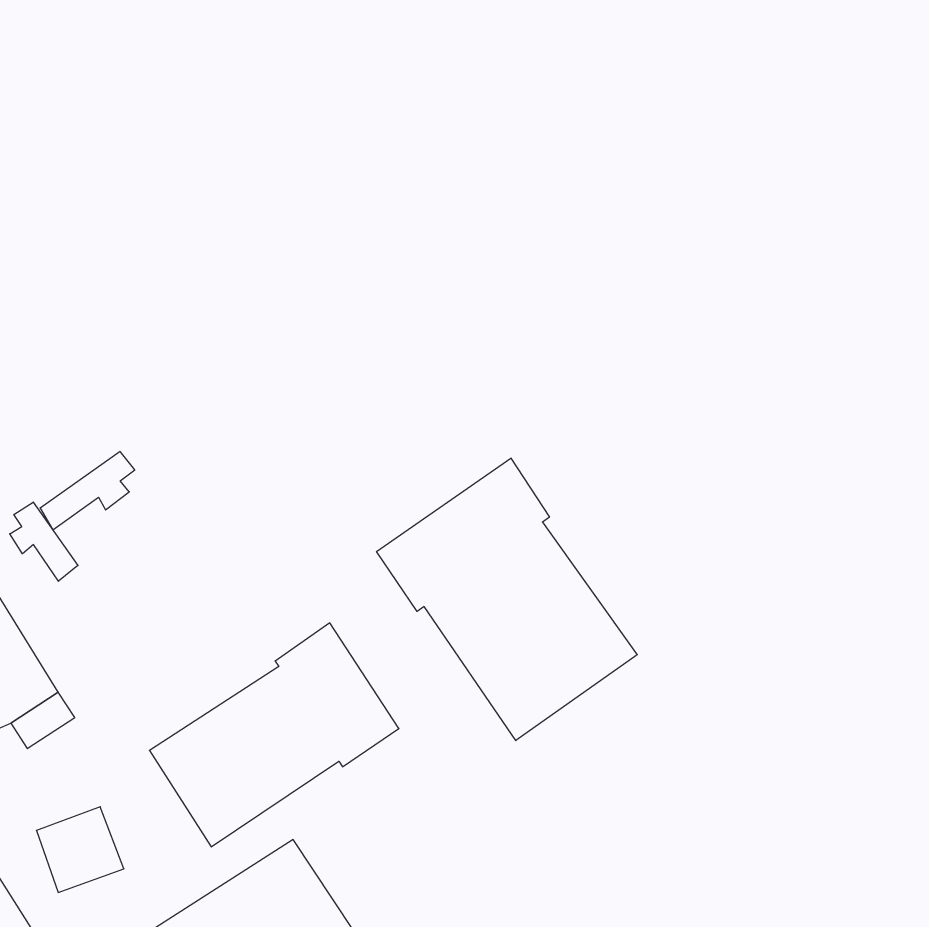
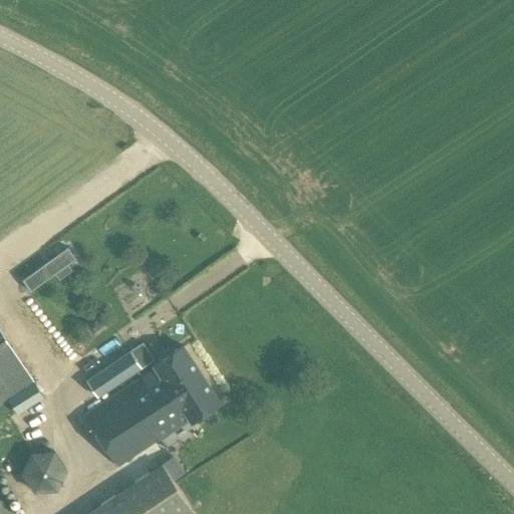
building: [377,458,637,741] -> none
building: [10,502,78,581] -> none
building: none -> [86,353,140,399]

